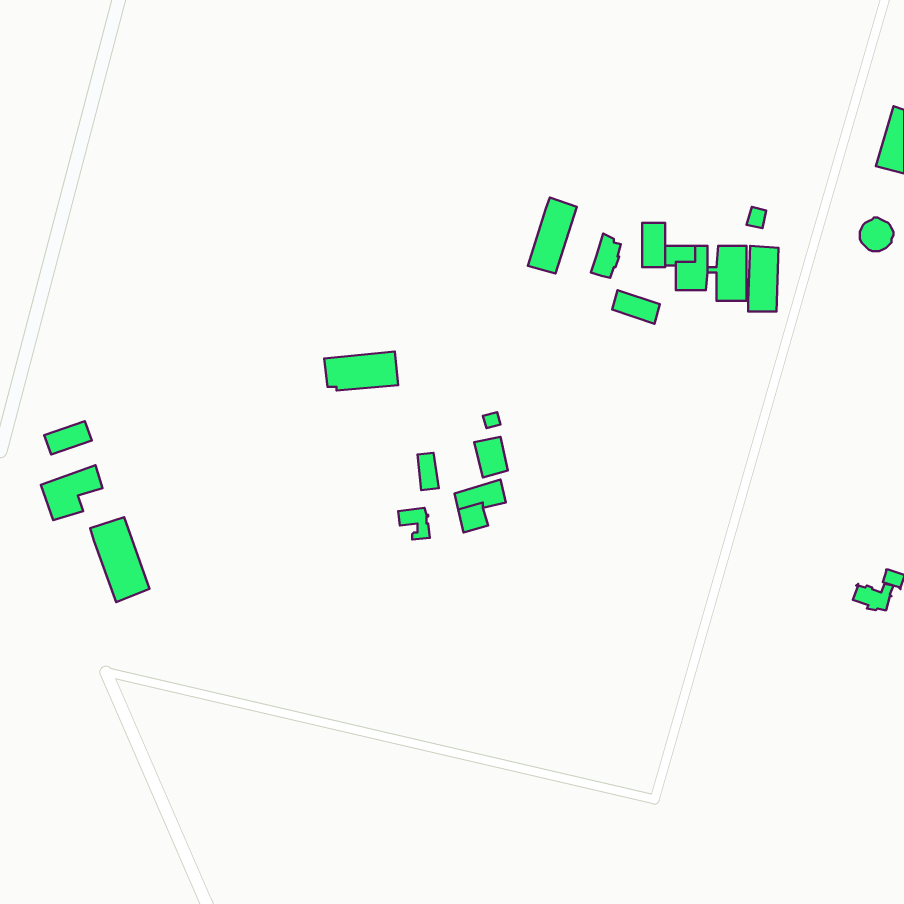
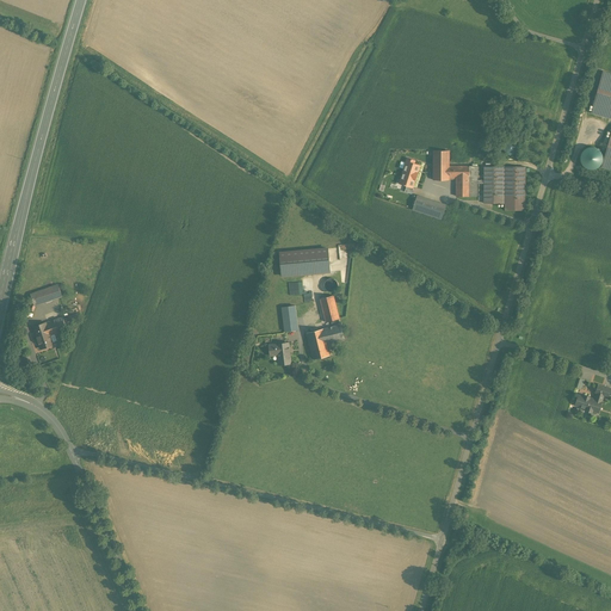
building: [528,197,577,273] -> none
building: [324,352,398,390] -> [279,248,329,274]
building: [90,517,150,602] -> none

